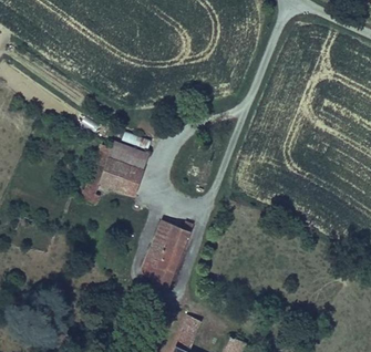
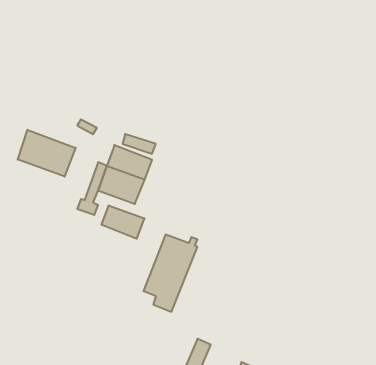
building: none -> [18,130,76,177]
building: none -> [102,205,145,239]

